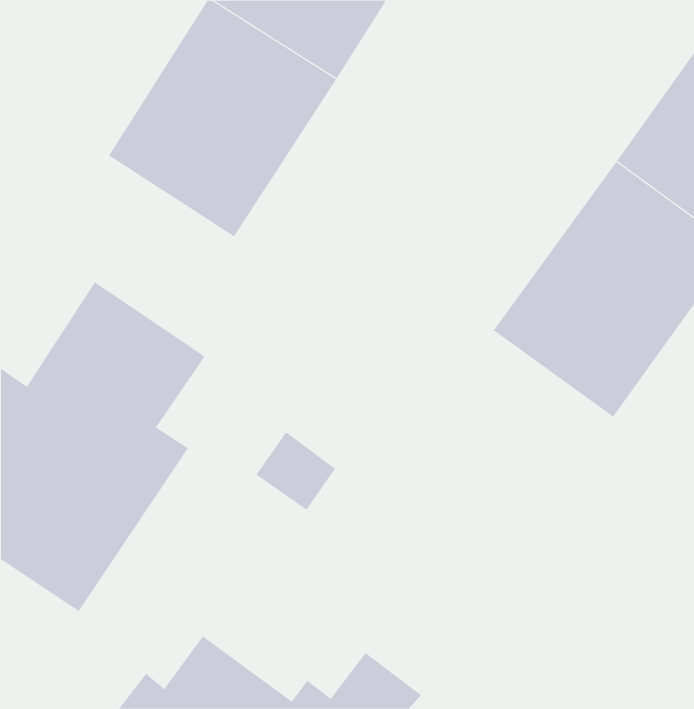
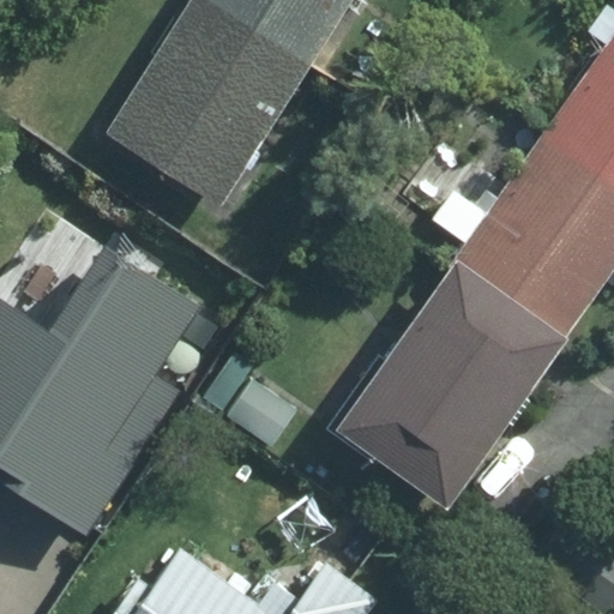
building: none -> [332,285,543,507]

